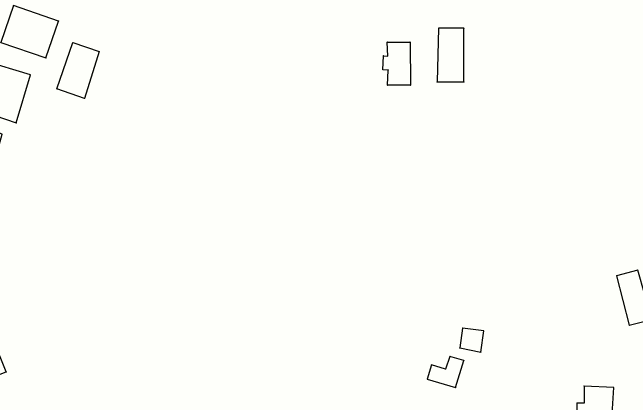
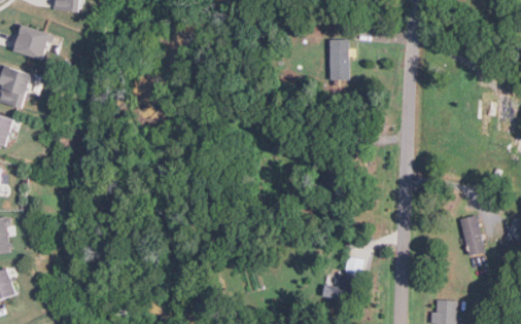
building: [383,42,410,85] -> none
building: [57,43,99,98] -> none

